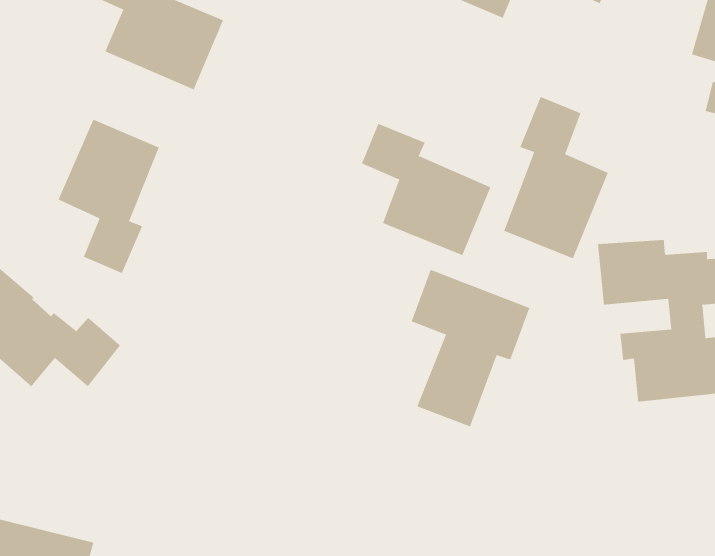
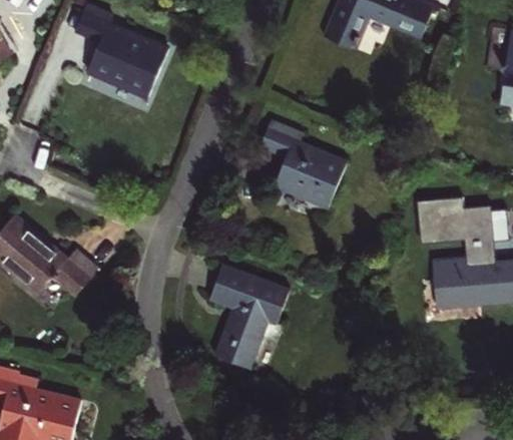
building: [504,96,609,259] -> none
building: [58,119,159,274] -> none
building: [411,269,530,427] -> [210,264,291,370]

